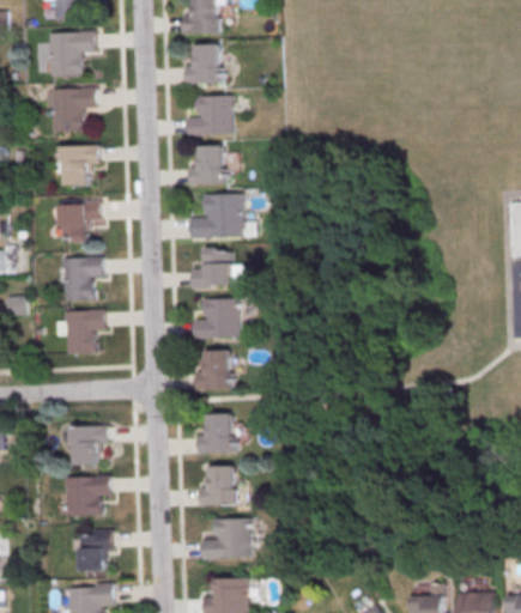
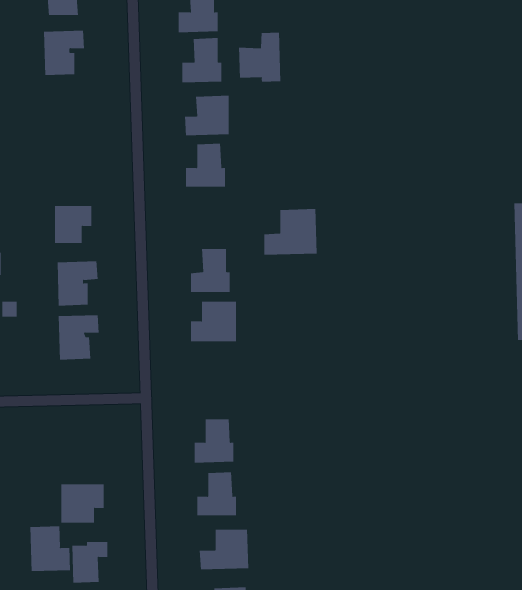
building: none -> [239,32,281,82]
building: [50,89,96,129] -> none
building: [61,145,97,183] -> none
building: [190,193,243,238] -> [264,208,318,255]
building: [194,347,235,390] -> none
building: [71,425,107,465] -> none
building: none -> [30,526,71,572]

